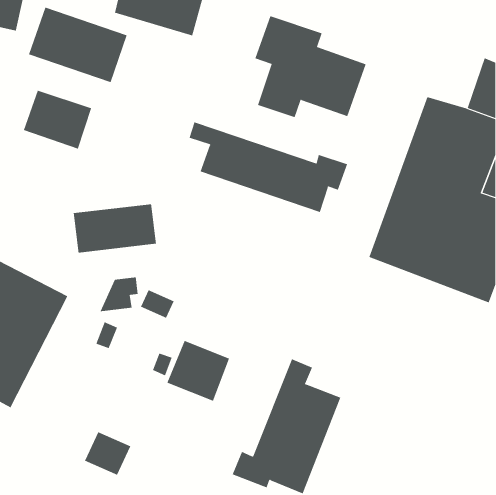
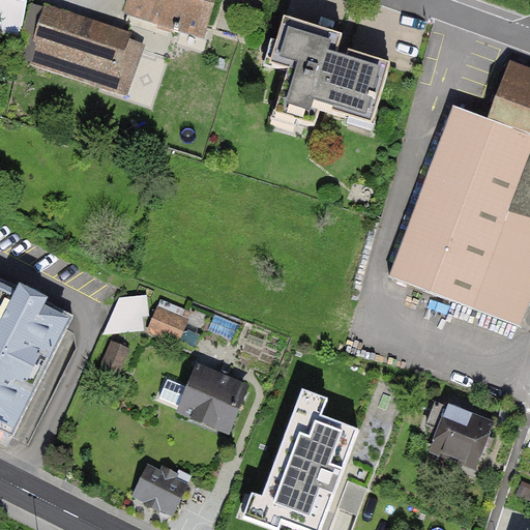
building: [23,90,92,149] -> none
building: [189,121,348,213] -> none
building: [73,203,157,253] -> none
building: none -> [433,400,504,466]
building: [84,432,131,475] -> [136,467,185,513]

